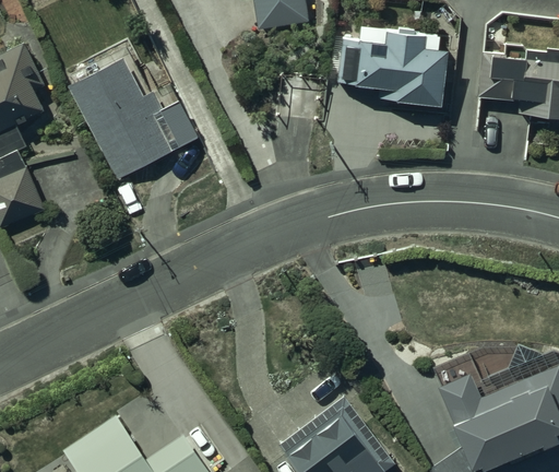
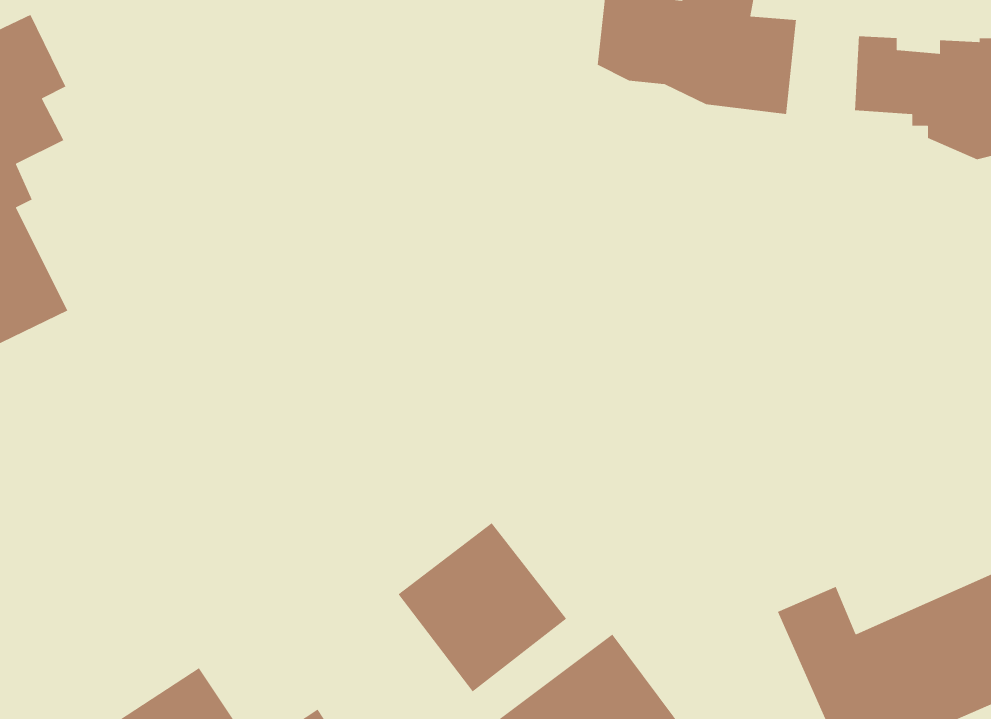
building: [71,56,200,186] -> none
building: none -> [398,522,567,692]

